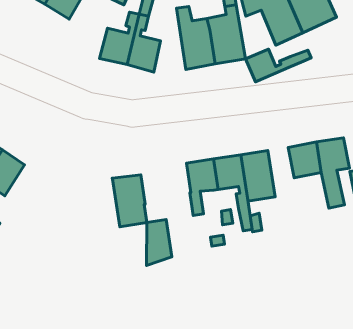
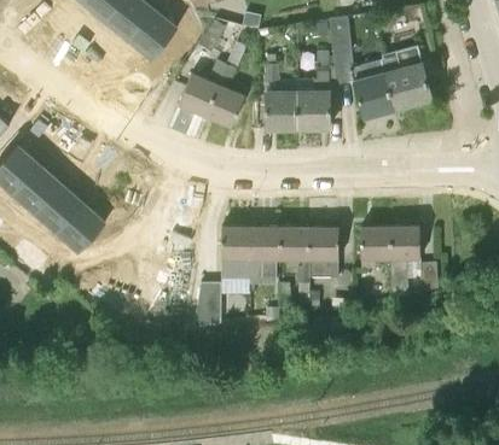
building: [246,49,311,82] -> none
building: none -> [57,204,105,252]
building: [112,175,147,227] -> [221,227,251,279]

